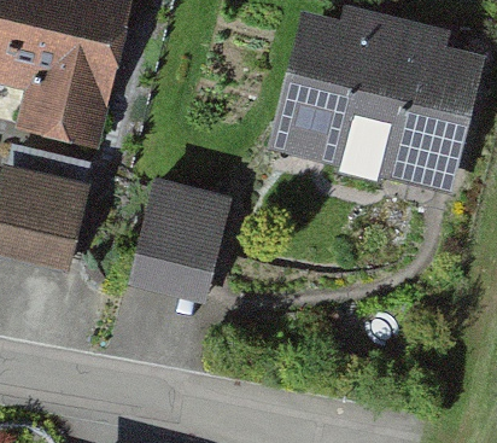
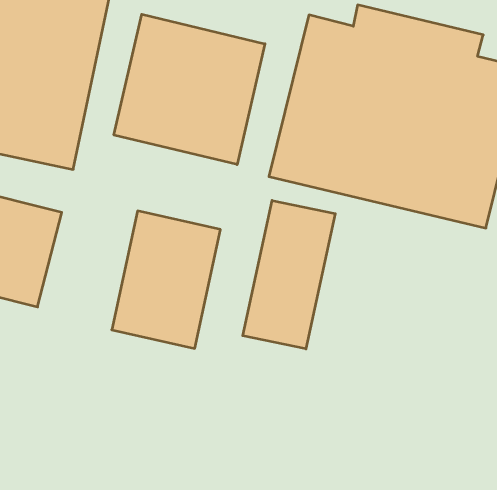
building: none -> [114,14,265,165]
building: none -> [243,200,335,349]

